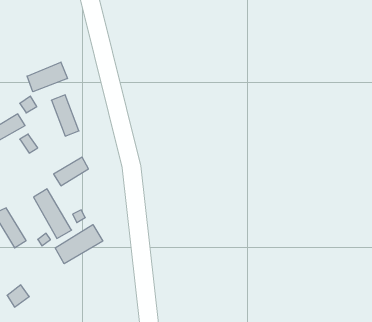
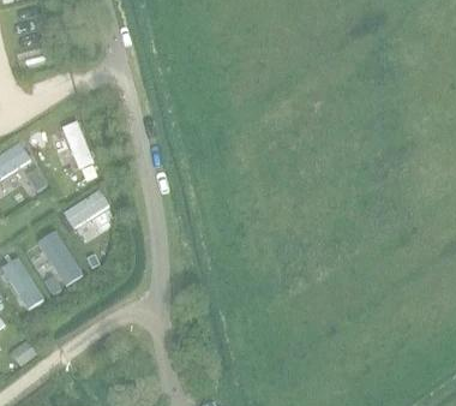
building: [27,62,67,92] -> none
building: [55,225,103,264] -> none

